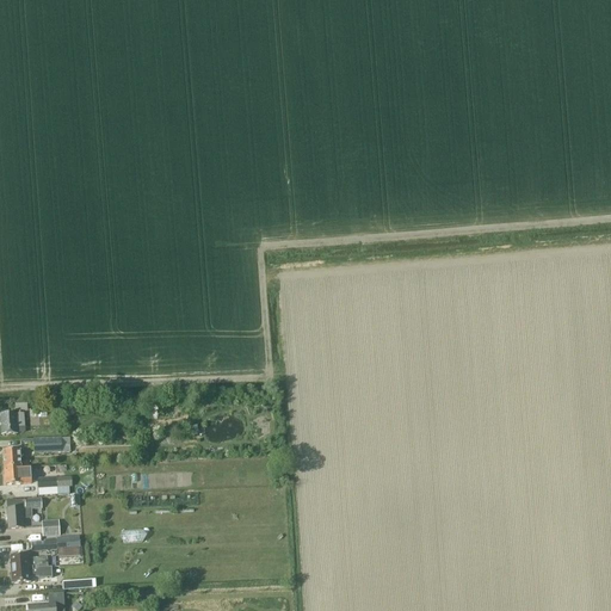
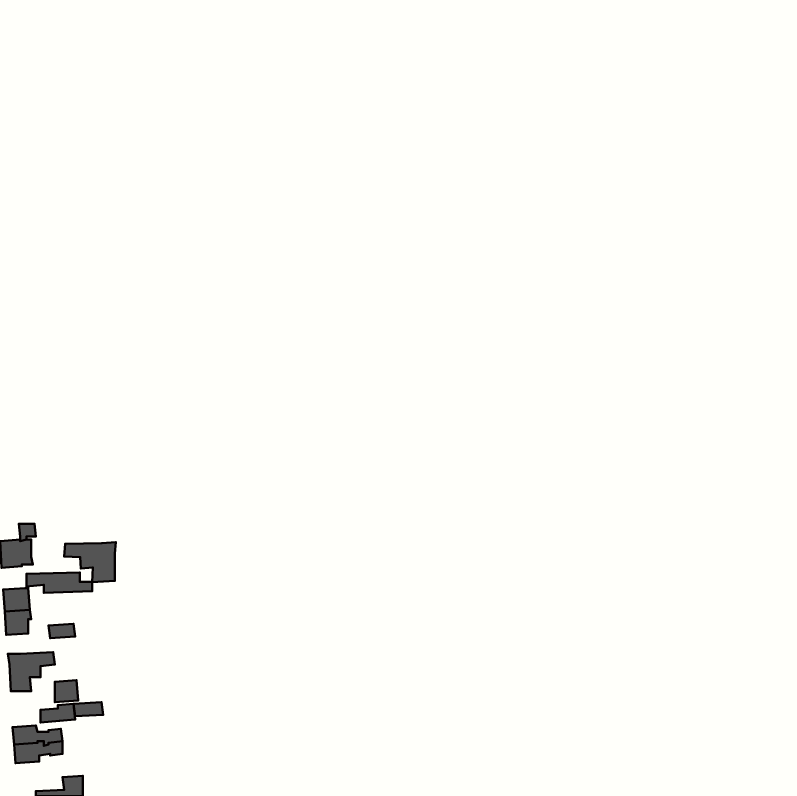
building: none -> [64,542,116,582]

